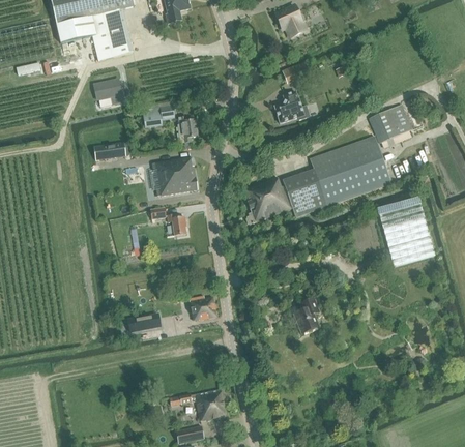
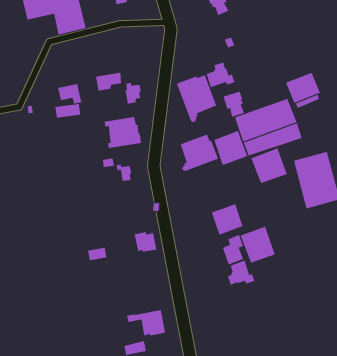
building: [92,79,122,103] -> [57,83,82,104]
building: none -> [176,74,217,123]
building: none -> [223,91,245,118]
building: none -> [250,148,288,184]
building: none -> [211,203,243,235]
building: none -> [240,226,276,263]
building: none -> [227,260,255,285]

